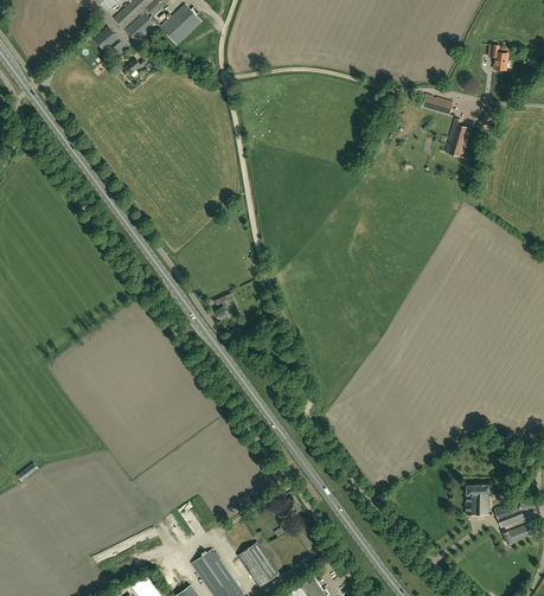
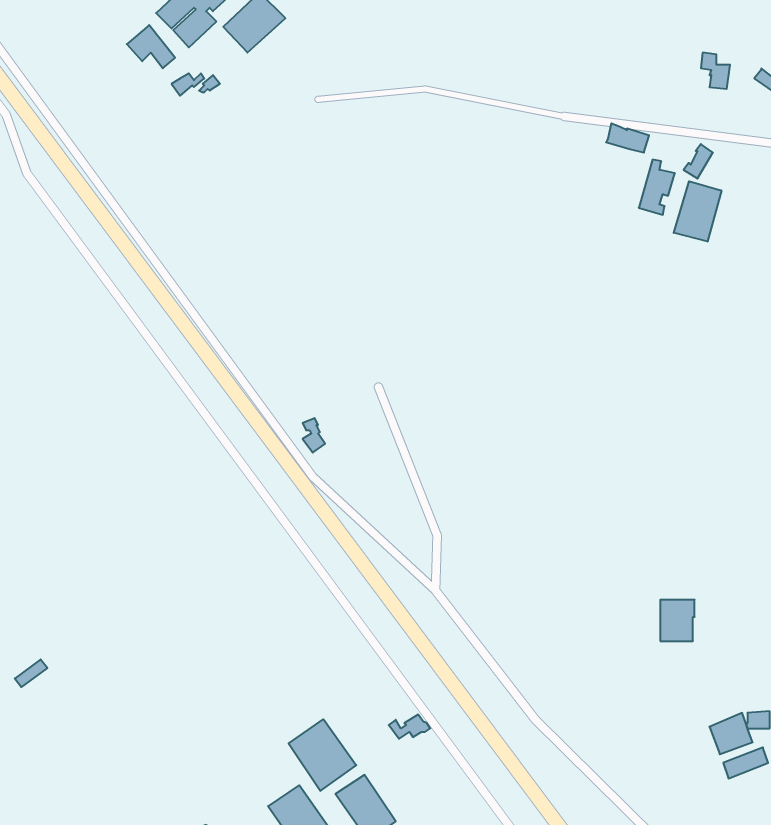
building: none -> [674,181,721,242]
building: [466,486,489,514] -> [660,600,695,641]
building: none -> [289,719,356,791]

